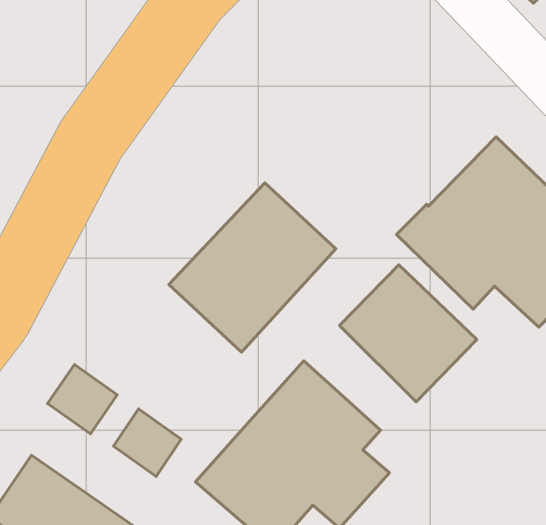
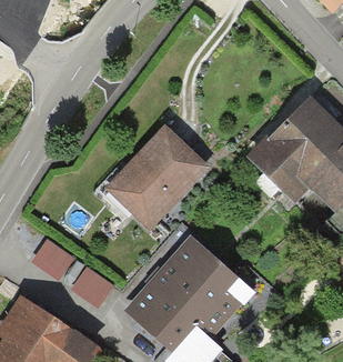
building: [339,265,477,402] -> none

